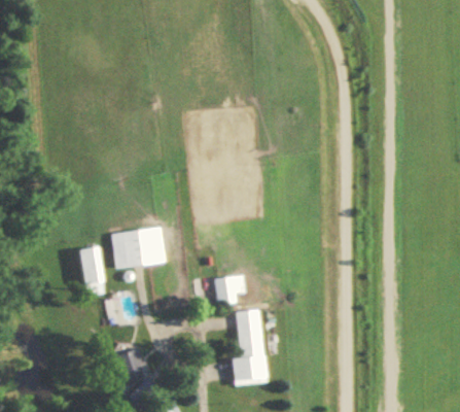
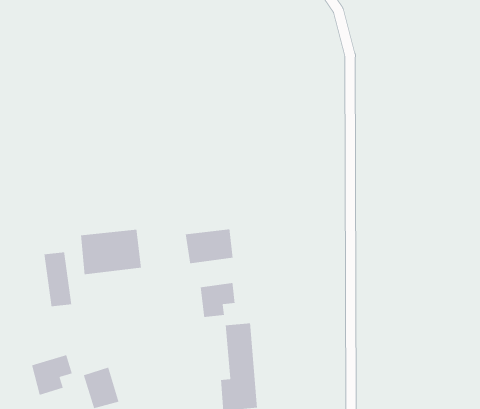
building: none -> [185,229,233,264]
building: none -> [31,354,73,396]

